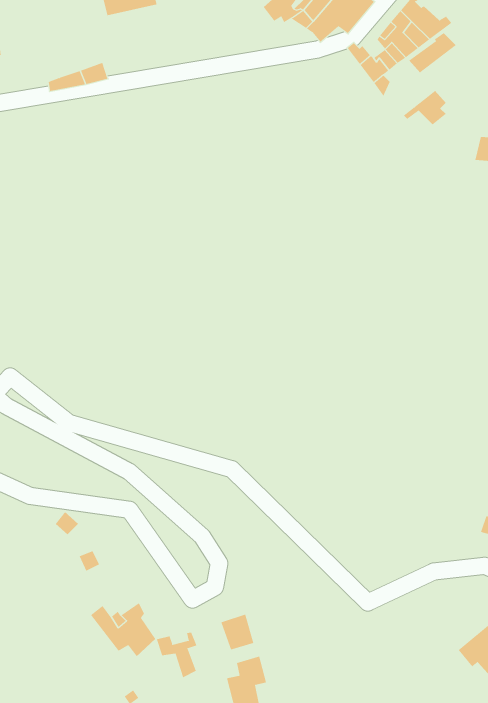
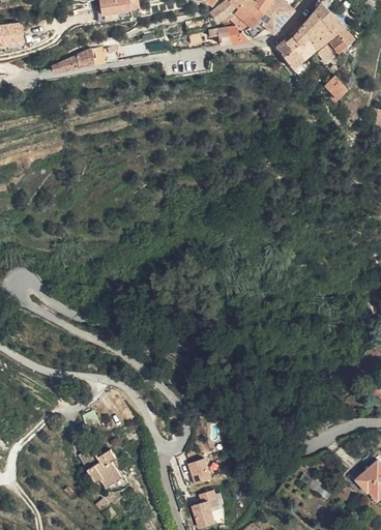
building: none -> [208,23,247,43]
building: [156,632,197,678] -> none

